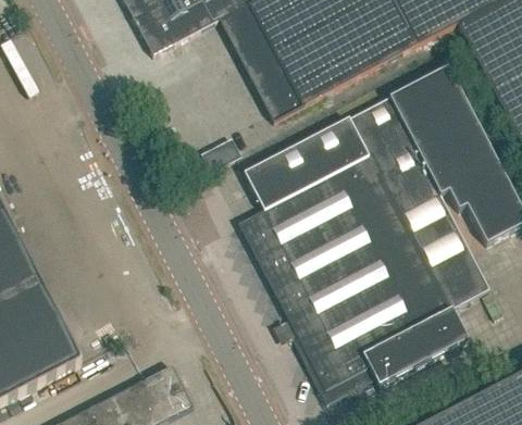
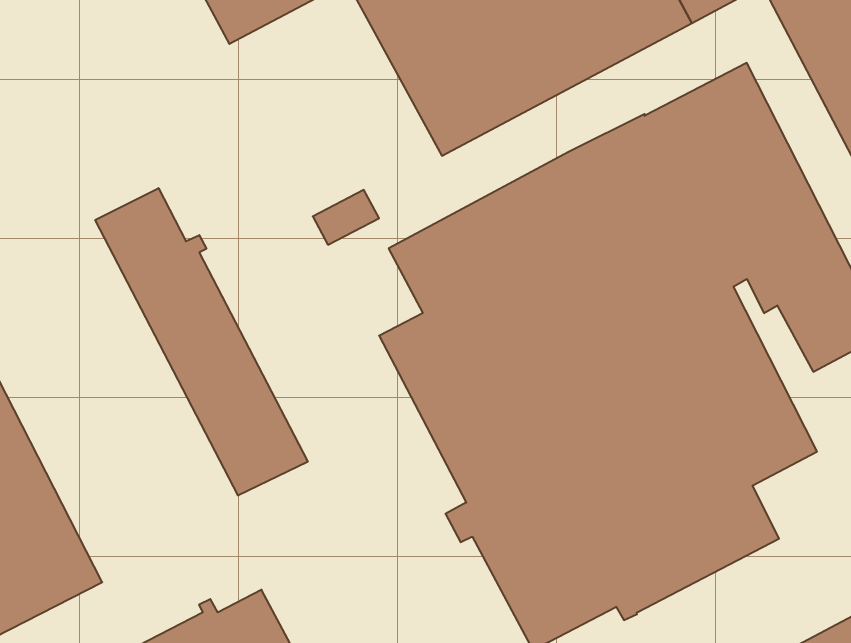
building: none -> [95,188,308,496]

